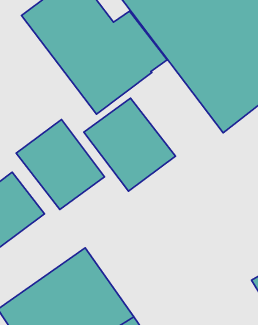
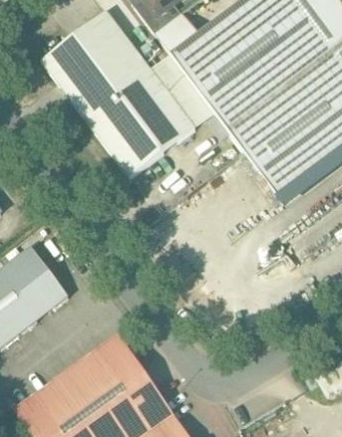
building: [84,98,175,191] -> none
building: [16,120,105,210] -> none

